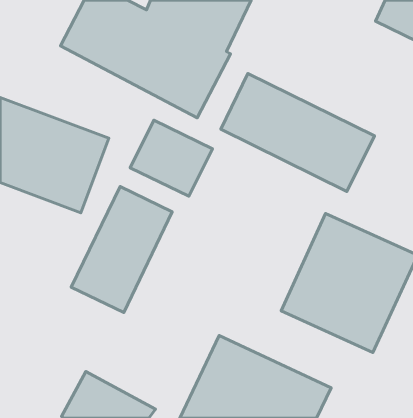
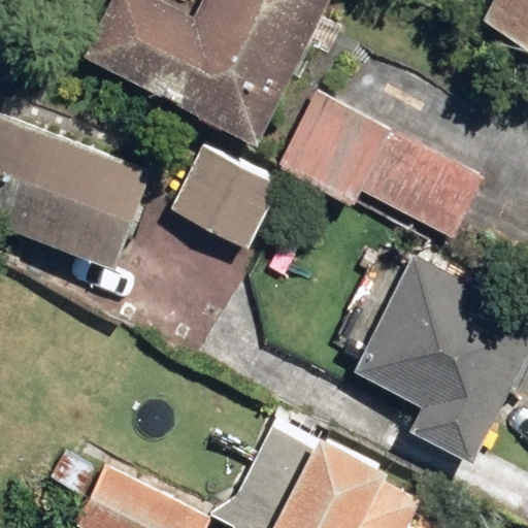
building: [71,186,172,312] -> none

